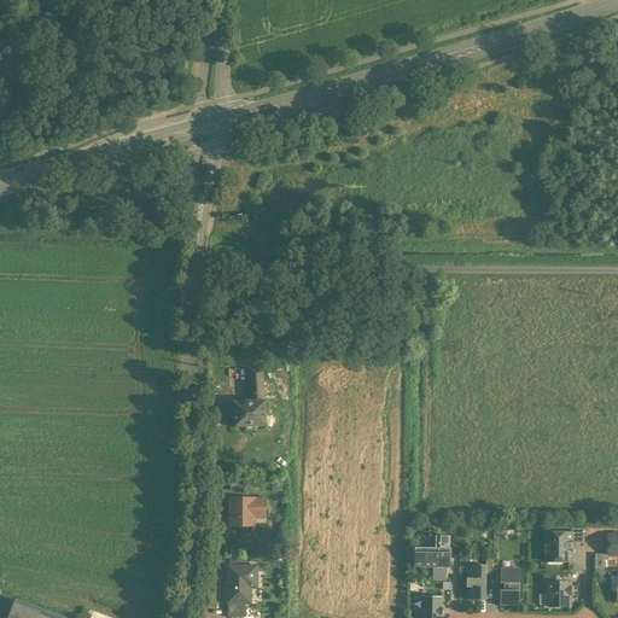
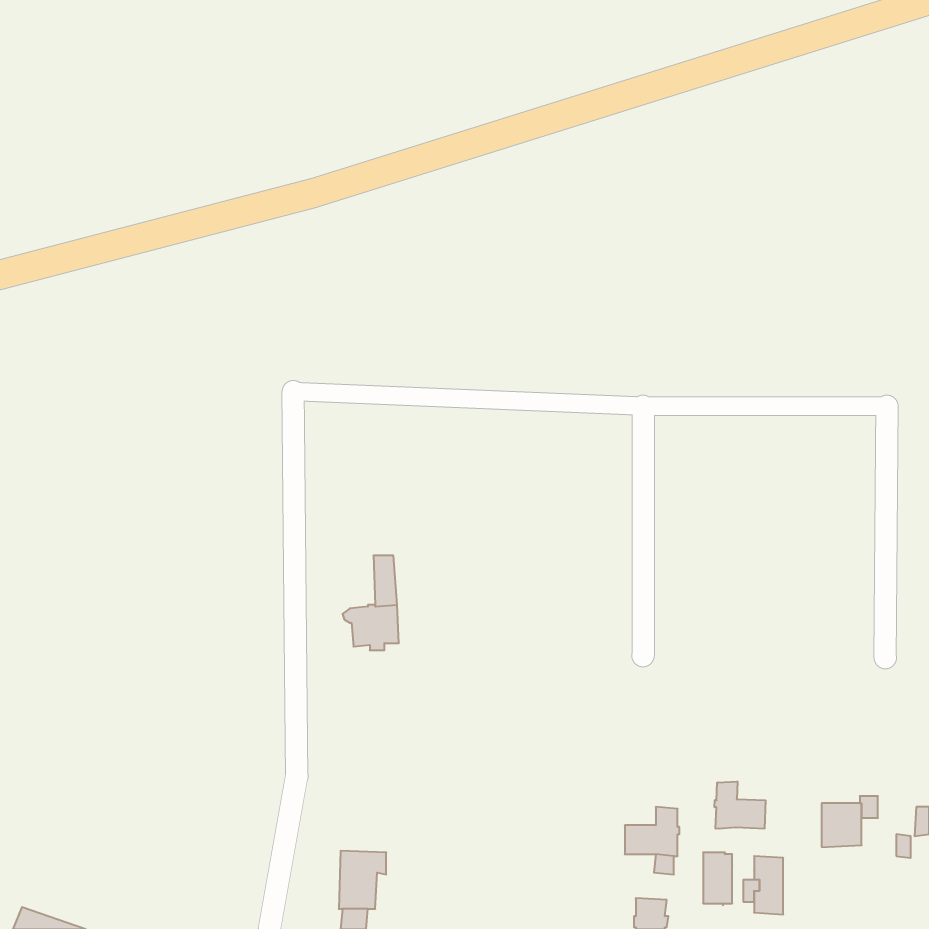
building: [228,497,266,527] -> none
building: none -> [715,781,765,829]
building: [547,579,569,606] -> none

